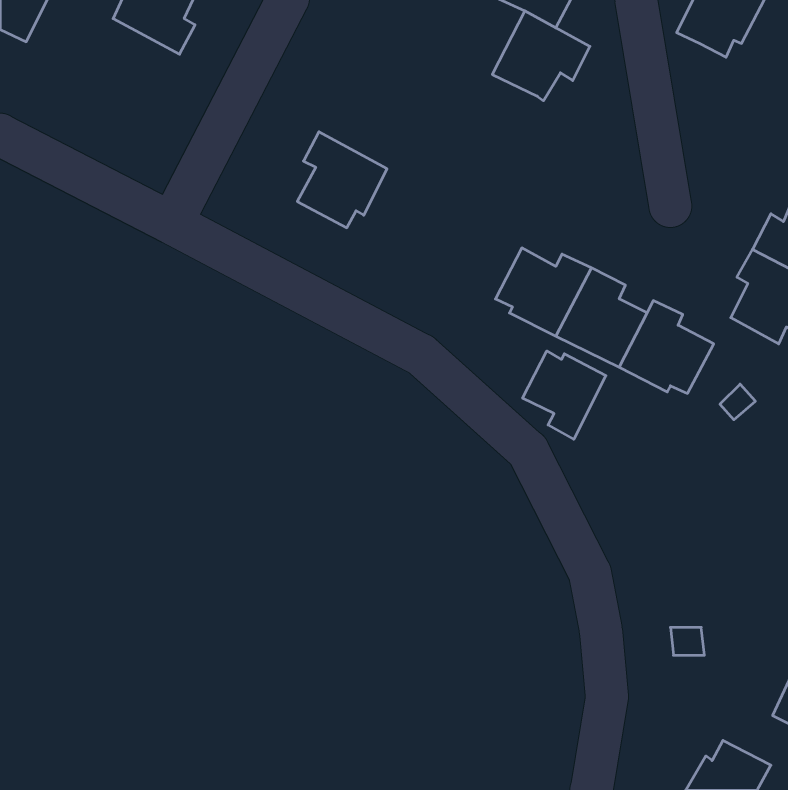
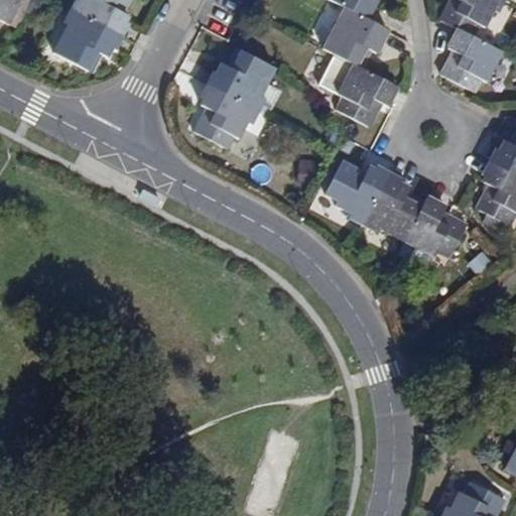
building: none -> [54,12,119,71]
building: none -> [444,28,502,90]
building: none -> [210,50,276,110]
building: none -> [334,62,394,124]
building: [523,351,606,439] -> none

